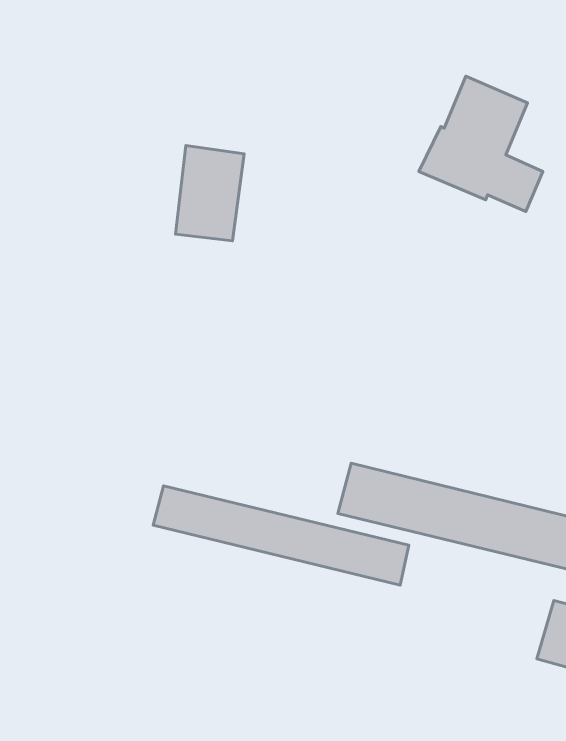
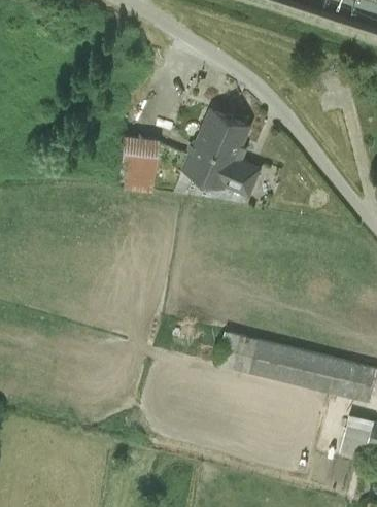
building: [419,76,543,212] -> [181,110,258,194]
building: [153,486,409,585] -> none

